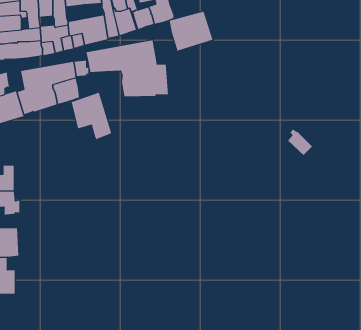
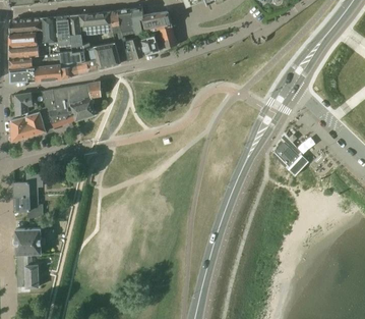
building: [169,11,213,51] -> none
building: [86,40,168,97] -> none
building: [71,92,112,140] -> none

